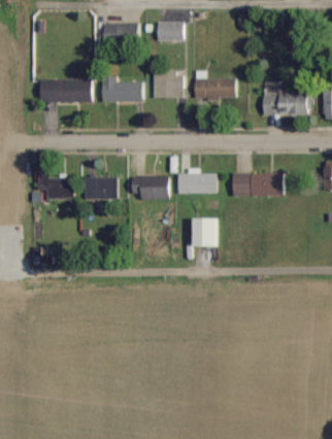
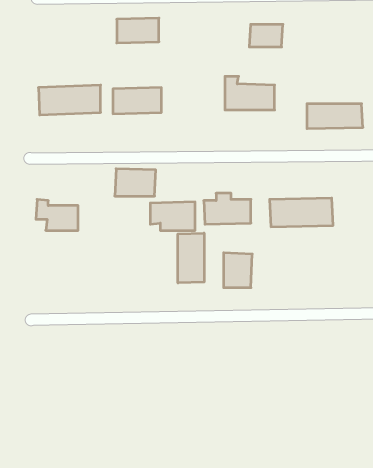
building: [156,22,184,40] -> [249,24,283,47]
building: [153,70,181,98] -> none
building: [82,176,117,199] -> [115,169,156,196]
building: none -> [178,233,204,283]

